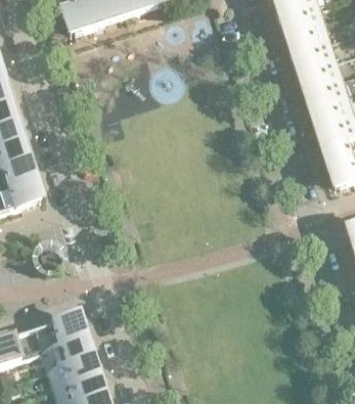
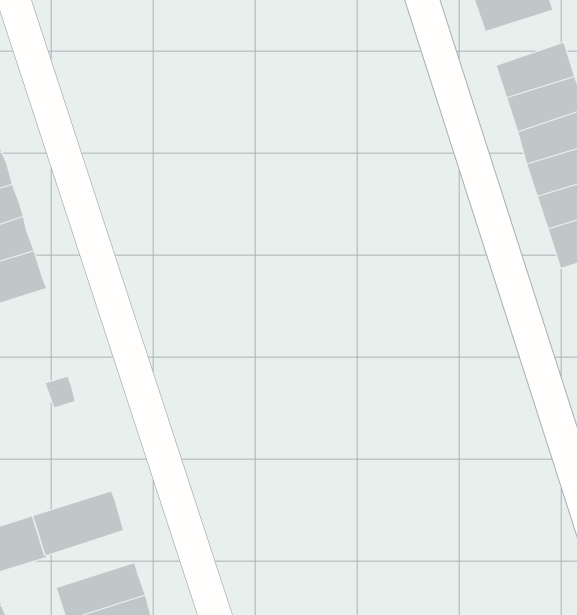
building: [291,39,336,71] -> none
building: [41,335,91,368] -> none

